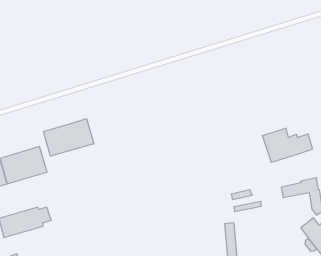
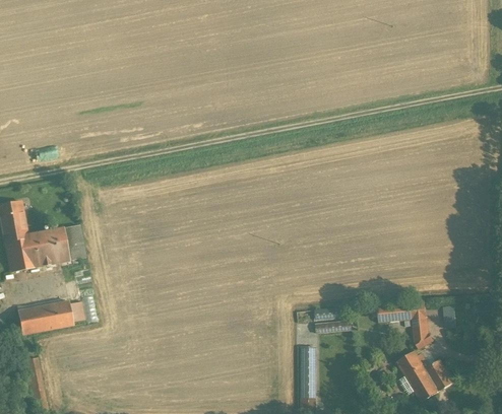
building: [44,119,94,156] -> none
building: [262,128,312,162] -> none

